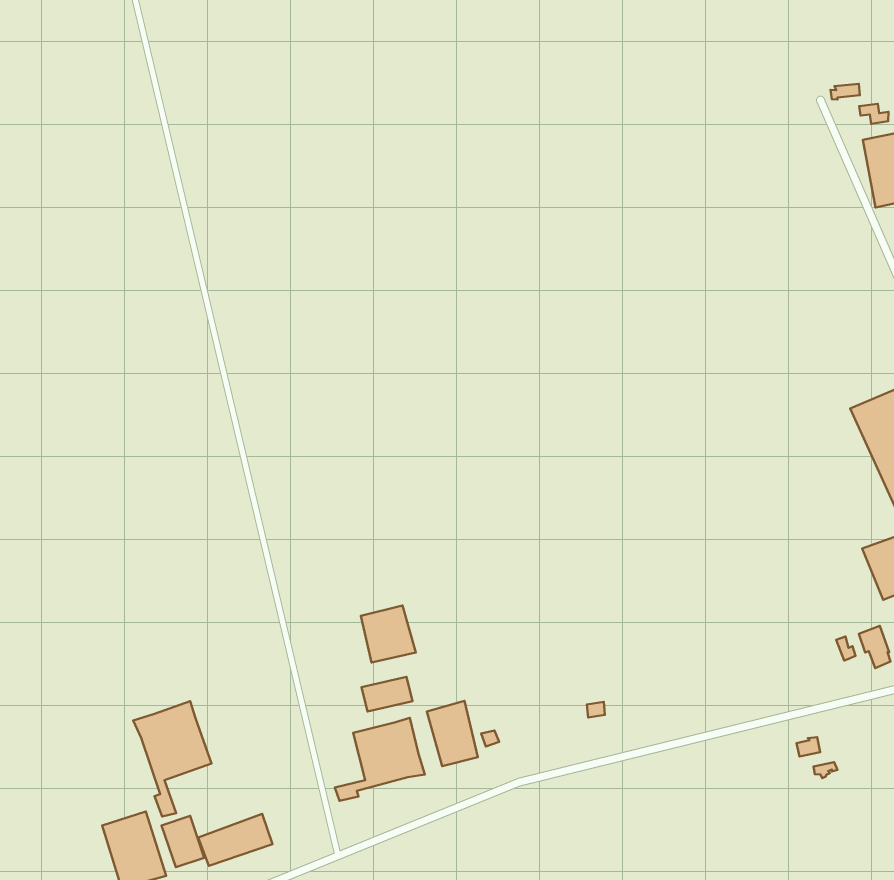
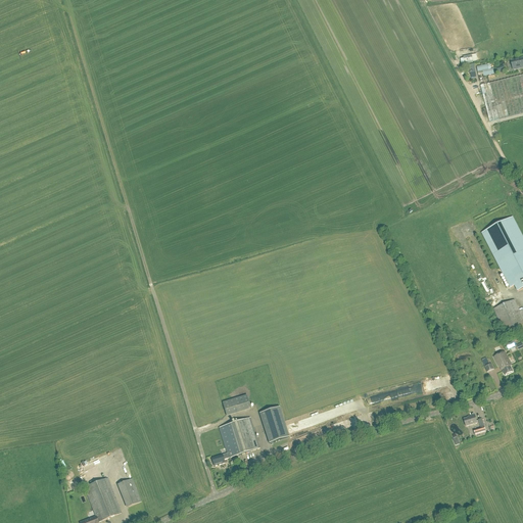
building: [361,606,416,662] -> none
building: [133,701,212,816] -> none
building: [198,814,272,866] -> none

